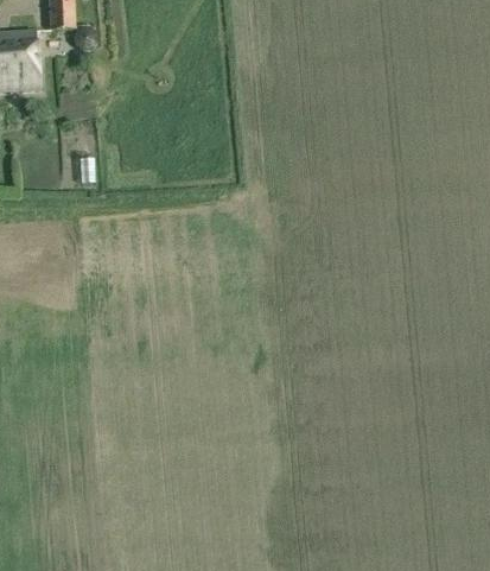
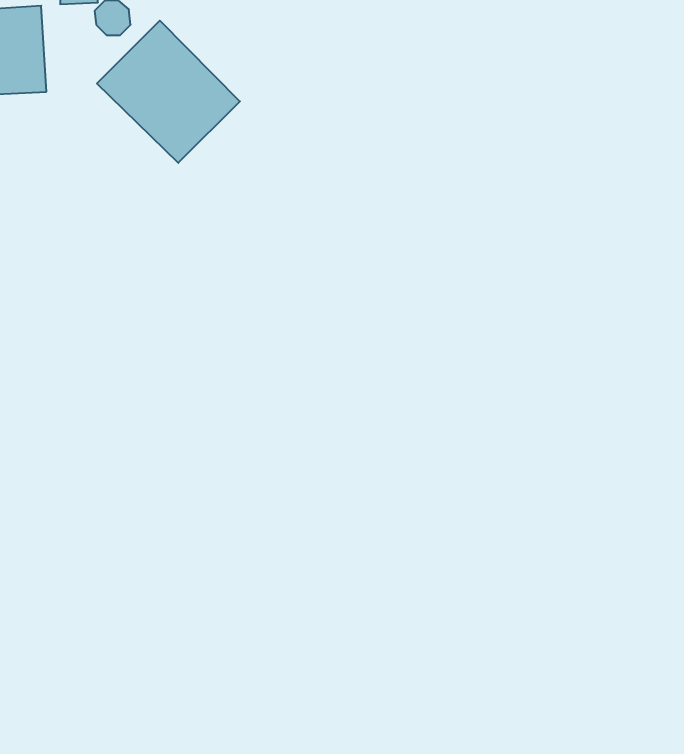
building: none -> [97,21,240,163]

